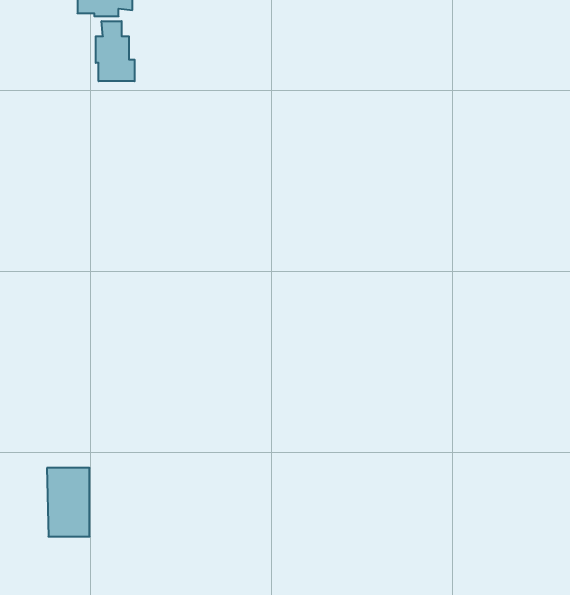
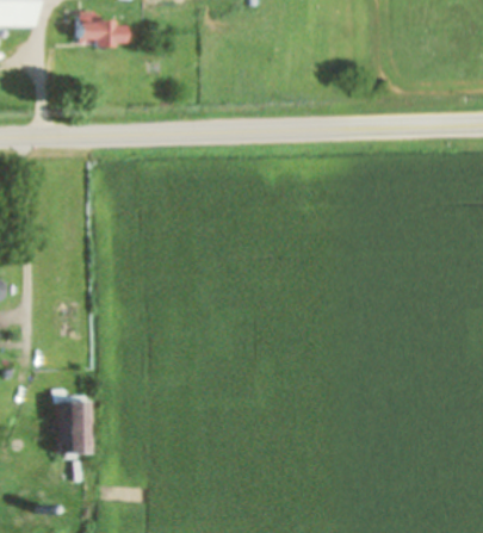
building: [96,21,135,81] -> none

